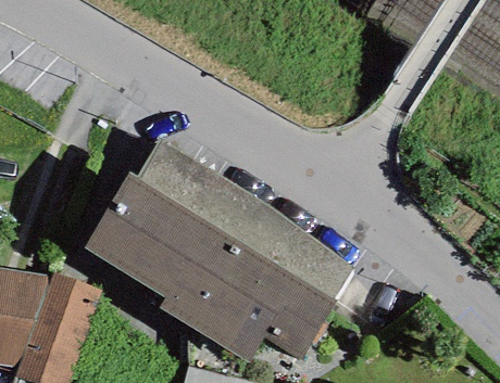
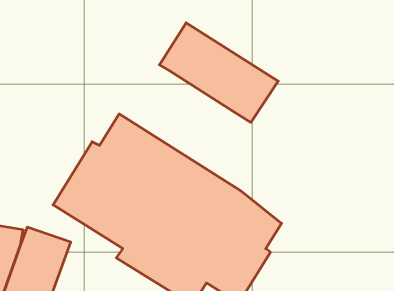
building: none -> [159,23,278,122]

